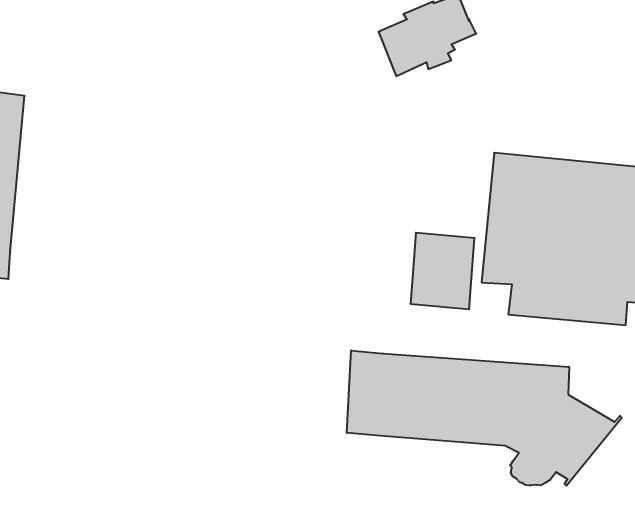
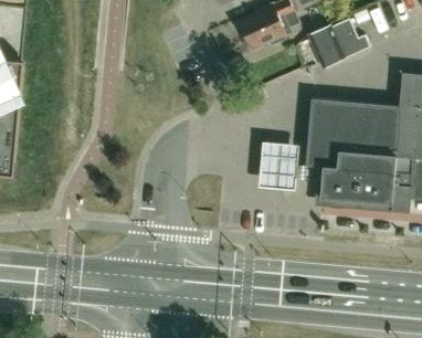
building: none -> [310,20,371,68]
building: [347,350,622,486] -> none

